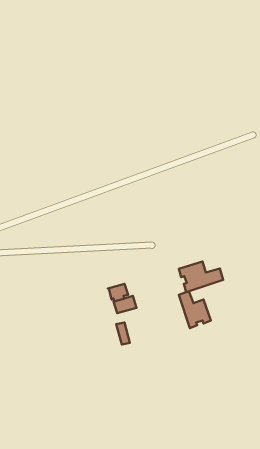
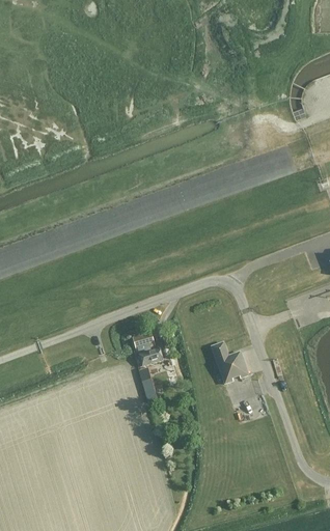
building: [179,261,223,292] -> none

